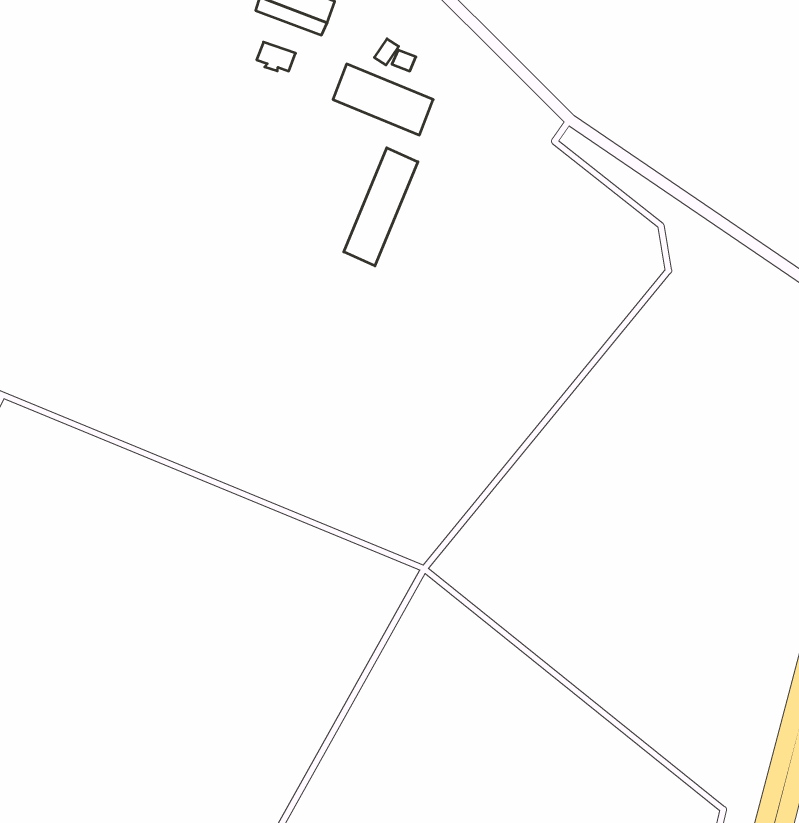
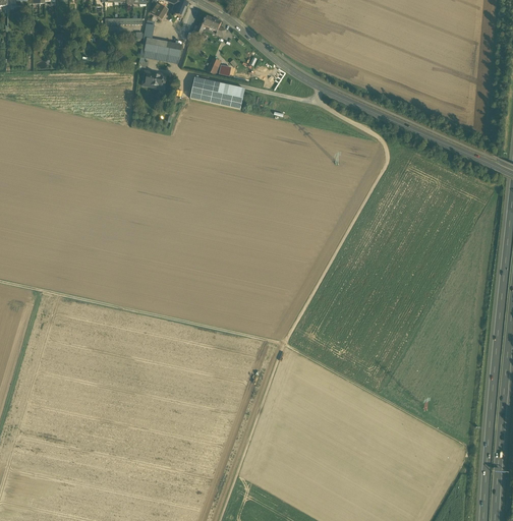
building: [344,148,418,266] -> none

